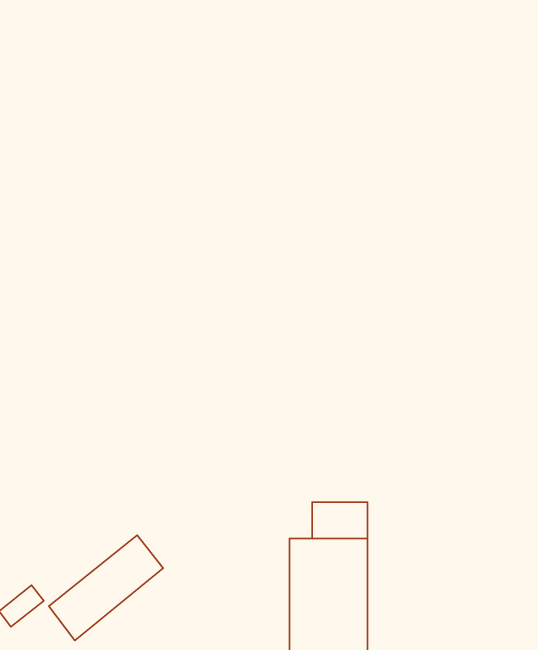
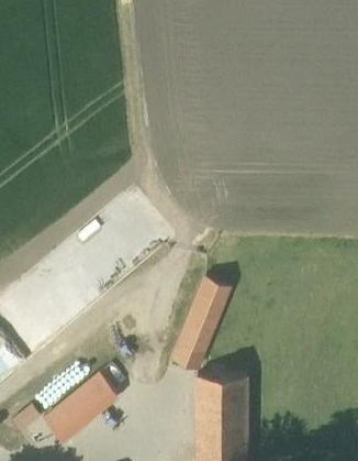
building: none -> [171,281,230,373]

